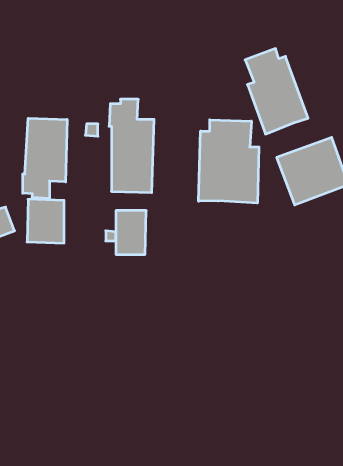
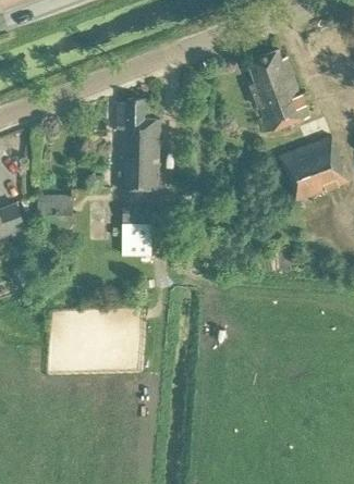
building: [23,118,67,198] -> none
building: [199,120,259,203] -> none

